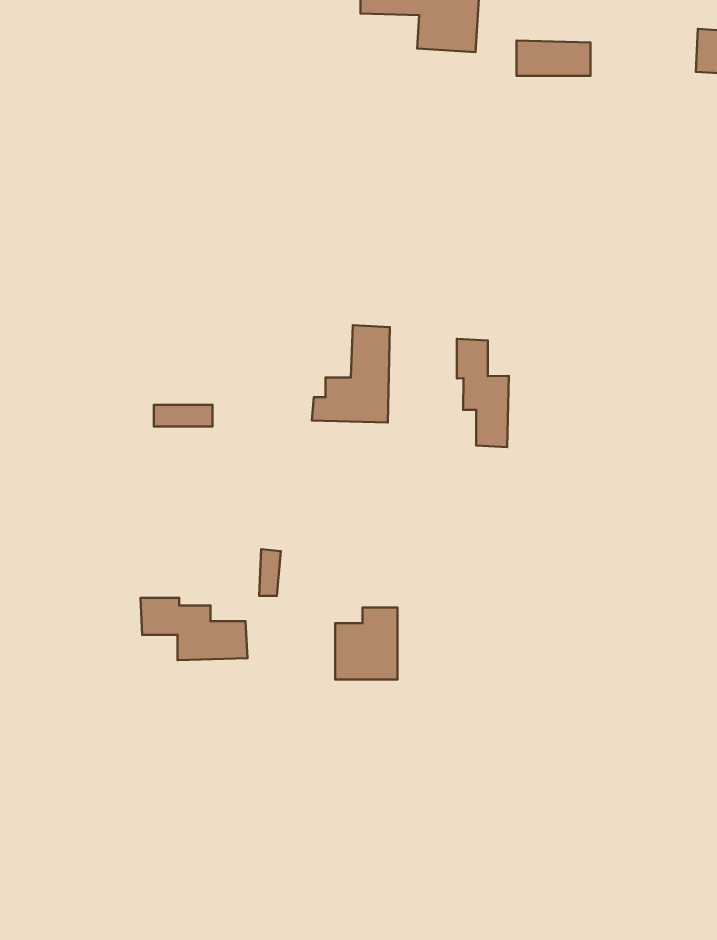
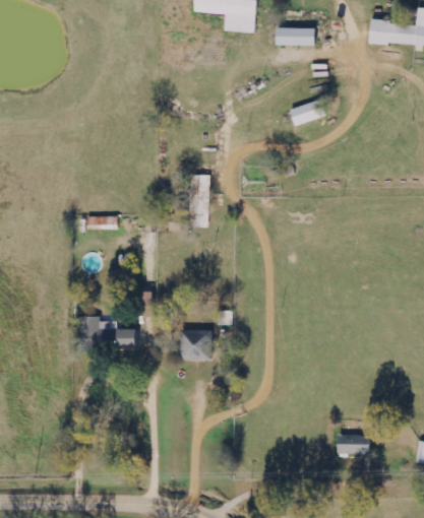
building: none -> [289,100,326,126]
building: [457,339,509,447] -> none
building: none -> [337,435,369,454]

